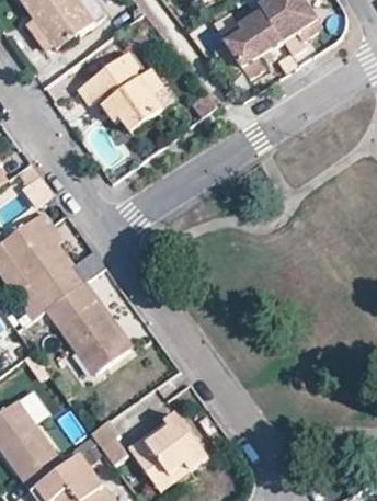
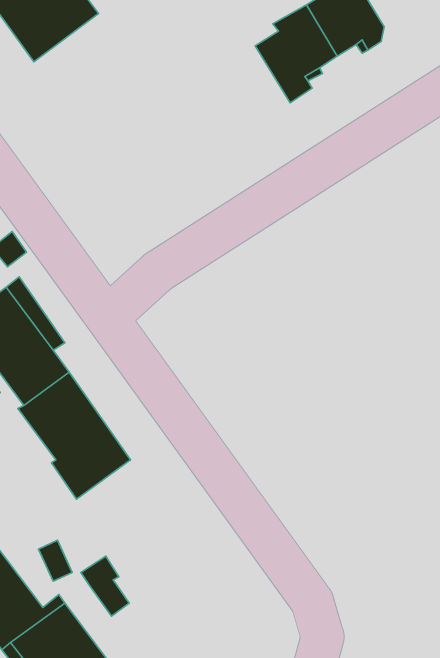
building: [77,46,167,130] -> none
building: [129,412,207,490] -> none

